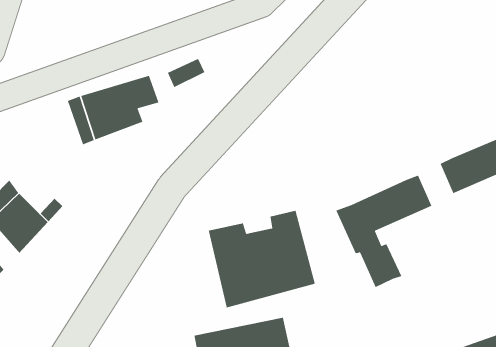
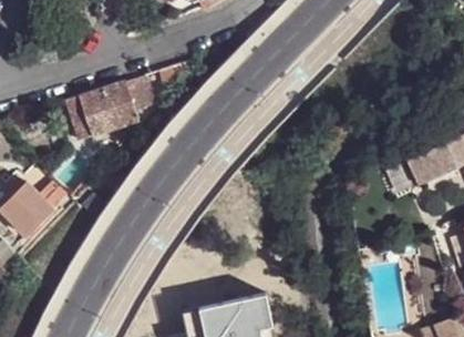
building: [335,175,432,288] -> none
building: [208,210,316,309] -> none

